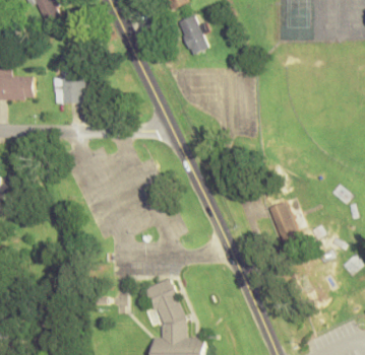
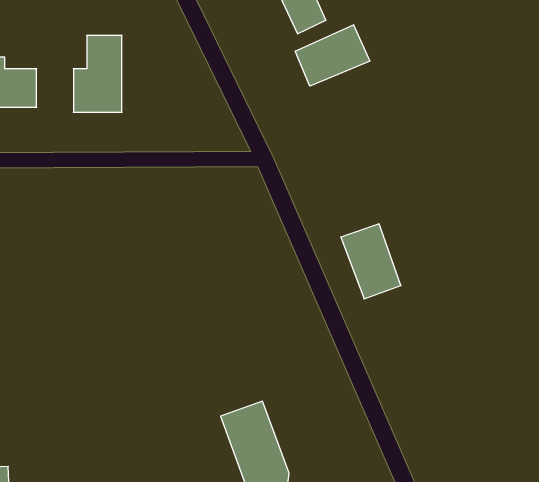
building: none -> [295,25,370,86]
building: [268,199,305,244] -> [341,224,401,299]

